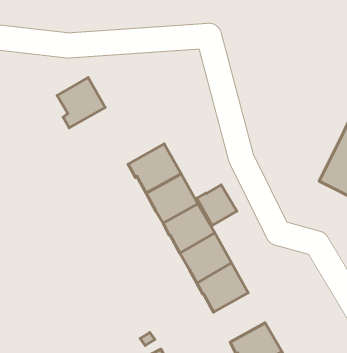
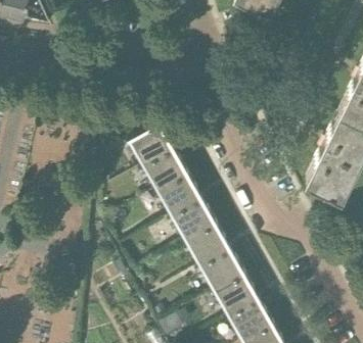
building: [57,78,105,128] -> [134,127,175,169]
building: [197,185,237,226] -> none
building: none -> [217,279,261,321]

